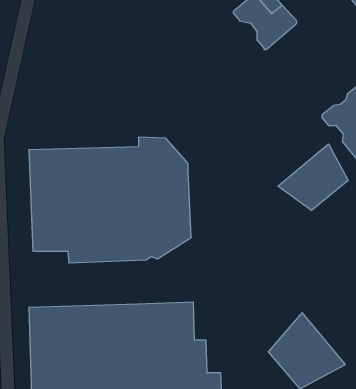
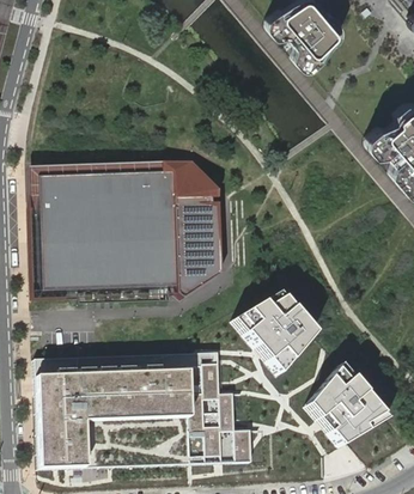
building: [278,144,348,210] -> none
building: none -> [231,292,323,380]

